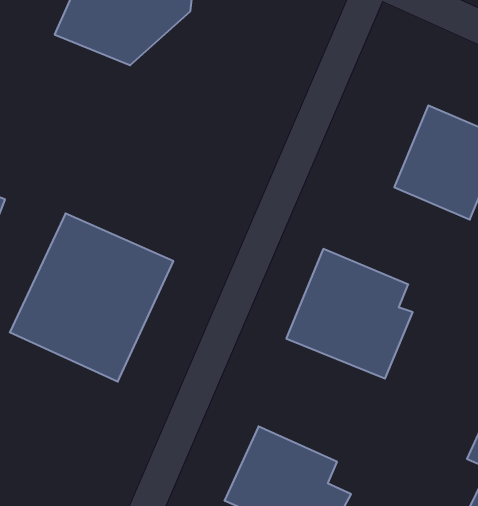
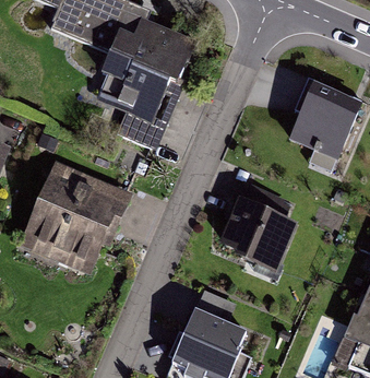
building: none -> [94,15,204,152]

